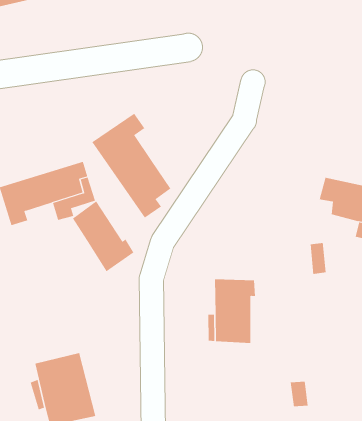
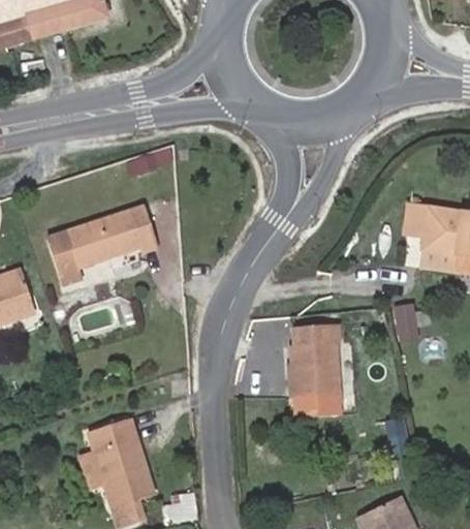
building: [92,113,171,219] -> none
building: [72,201,134,272] -> none

